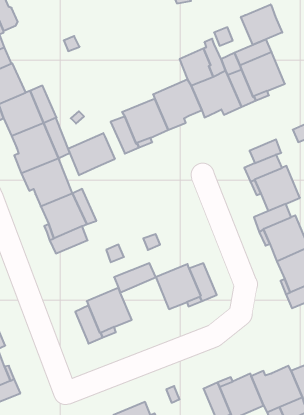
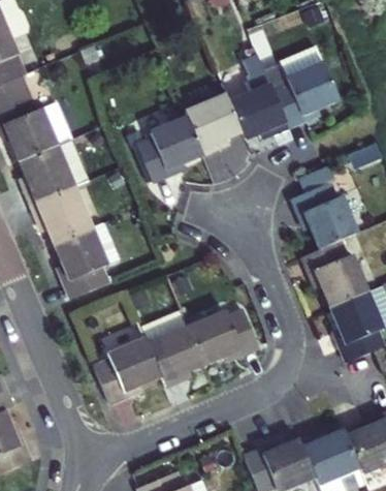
building: [241,4,282,45] -> none
building: [68,133,115,175] -> none
building: none -> [147,326,203,386]

